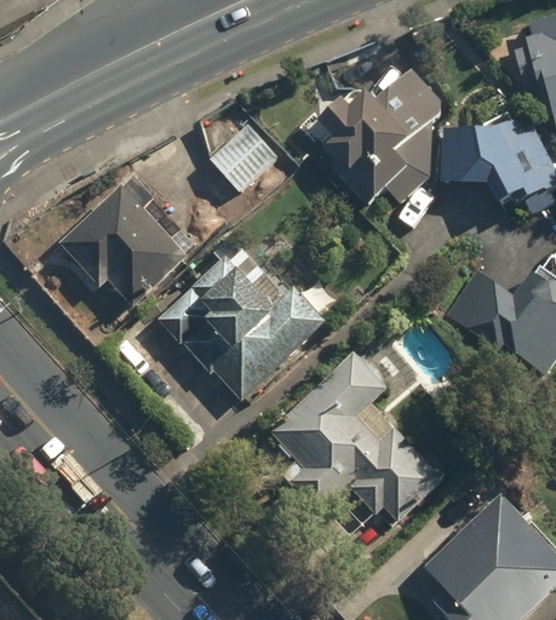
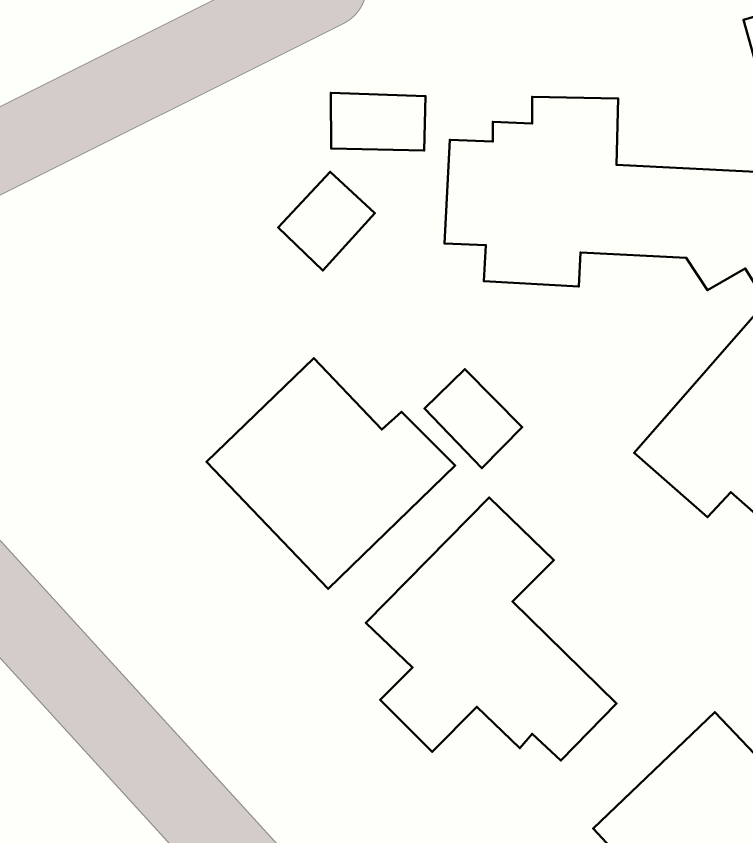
building: none -> [331,93,426,151]
building: [57,184,189,305] -> none
building: none -> [425,369,522,468]

